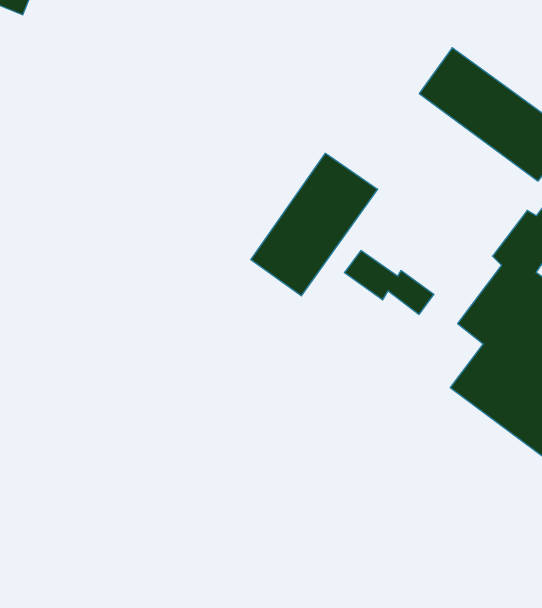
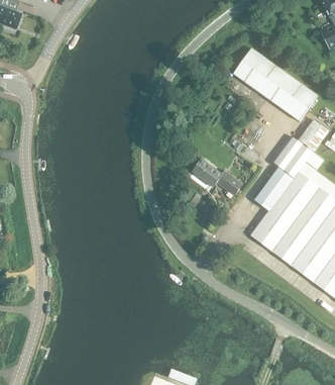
building: [251,153,378,296] -> none

